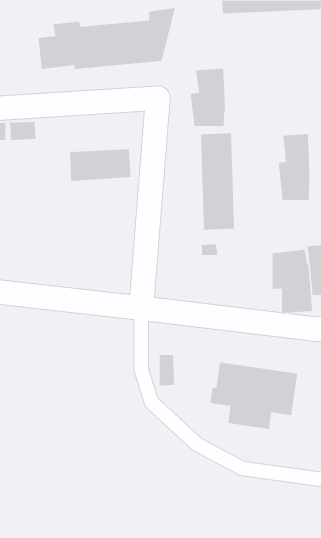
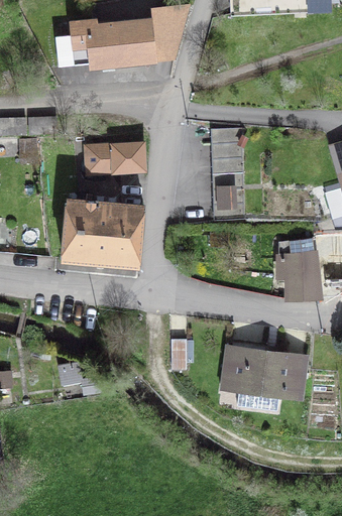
building: [190,68,226,127] -> none
building: [278,133,310,201] -> none
building: none -> [62,200,142,265]

